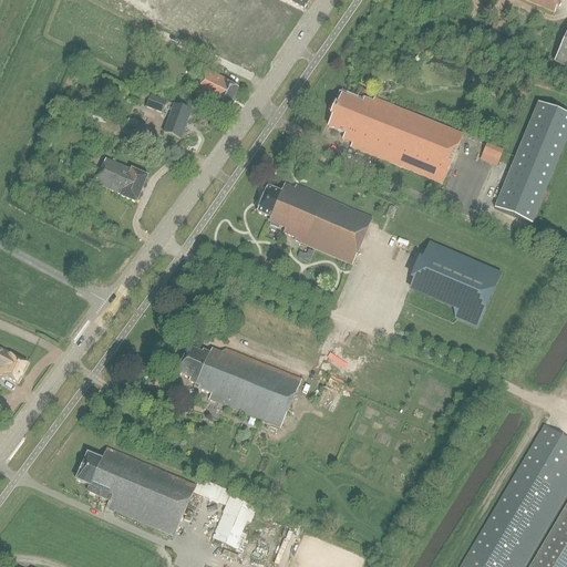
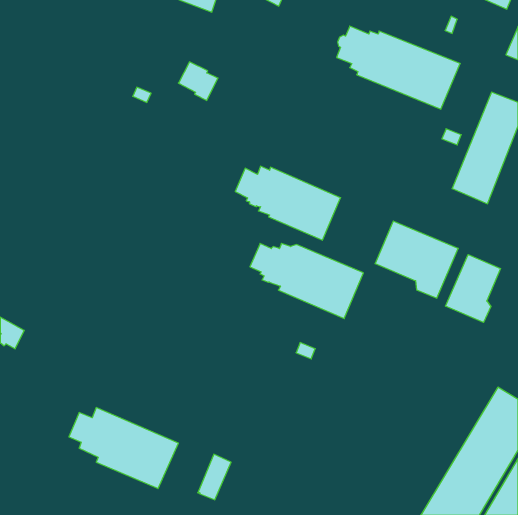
building: [328,91,463,182] -> [337,26,460,109]
building: [163,103,190,137] -> none
building: [96,157,148,200] -> none
building: none -> [446,255,501,322]
building: [177,344,301,426] -> [250,243,363,319]

